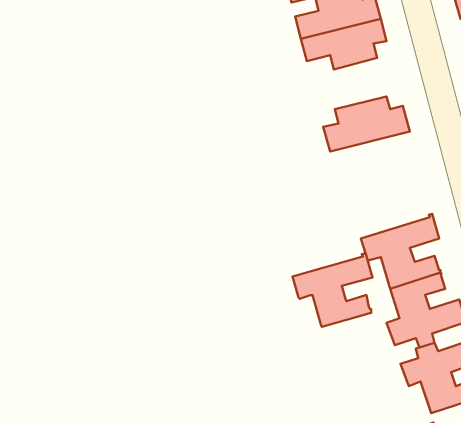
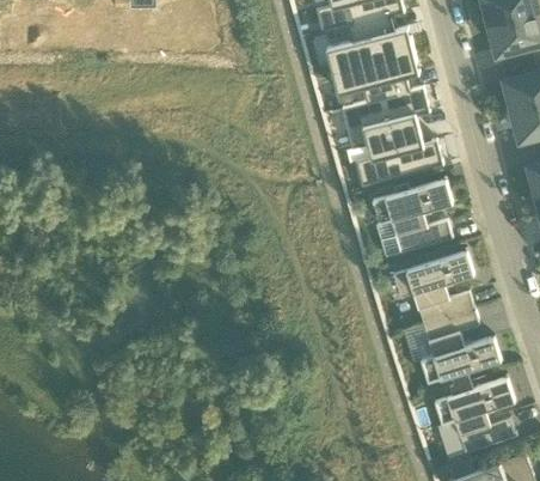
building: none -> [340,87,428,144]
building: [293,253,372,327] -> [370,178,452,254]

